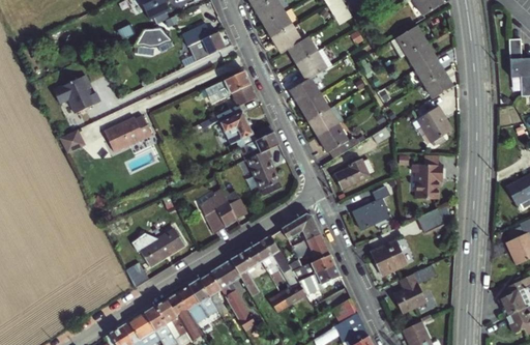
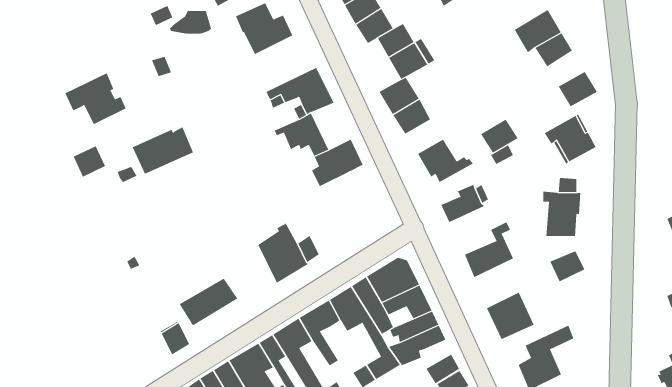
building: [416,58,445,85] -> none
building: [310,110,338,136] -> [480,119,519,153]
building: [247,149,278,189] -> none

